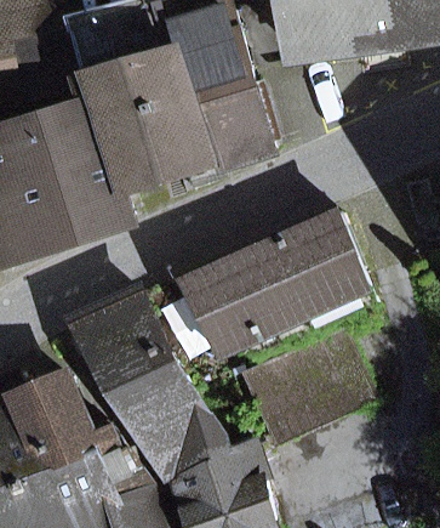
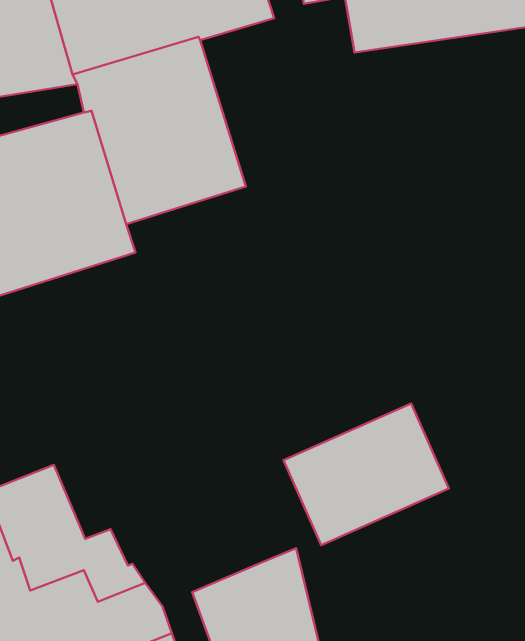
building: [179,35,270,165] -> none
building: [184,216,377,359] -> none
building: [76,294,227,478] -> none

